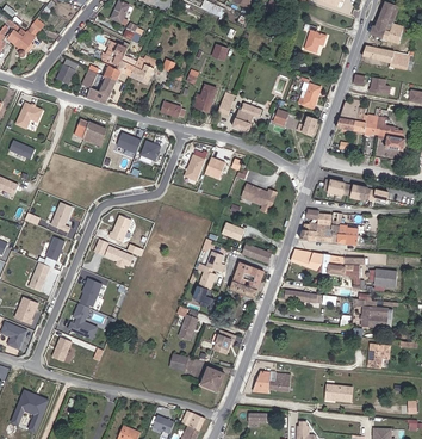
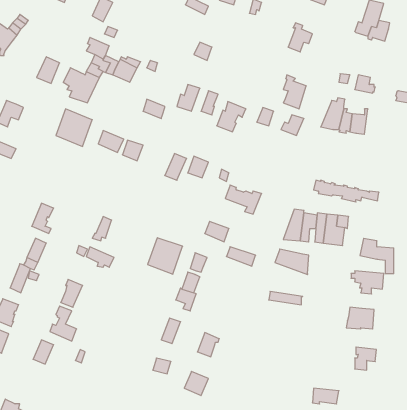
building: [362,44,414,69] -> none
building: [378,117,405,150] -> none
building: [327,255,360,290] -> [360,238,394,274]
building: [229,264,263,299] -> [148,238,183,274]
building: [253,371,290,392] -> none

